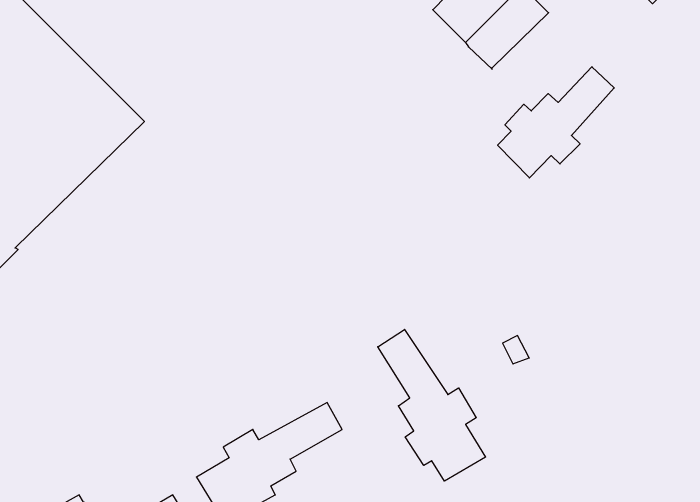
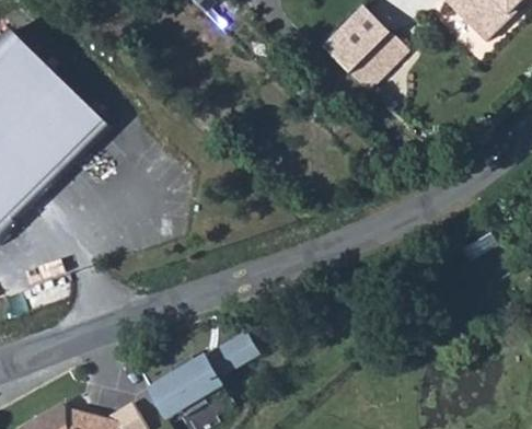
building: [498,67,614,178] -> none
building: [378,329,486,481] -> none

